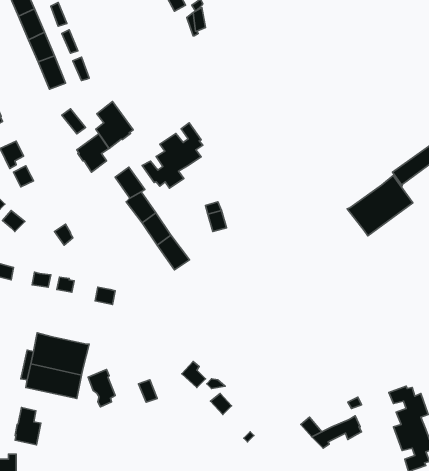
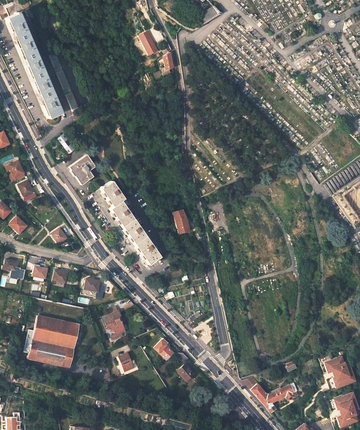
building: [96,101,133,148] -> none
building: [142,123,203,188] -> none
building: [347,175,413,236] -> none
building: [88,370,115,407] -> [103,310,125,340]
building: [15,407,41,445] -> none

